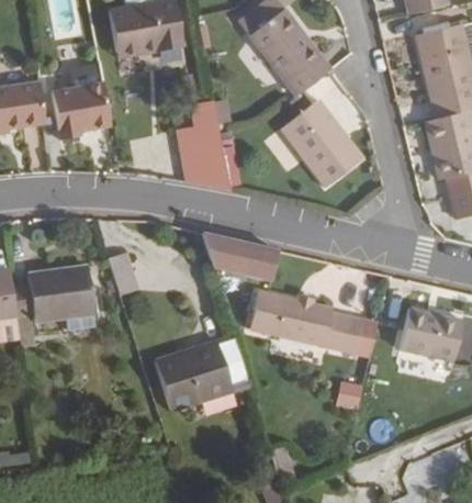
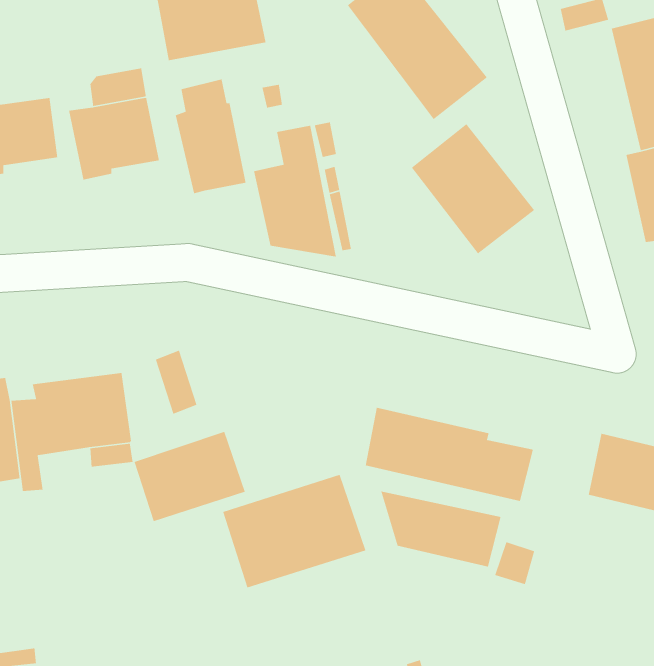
building: none -> [175,79,246,194]
building: [209,235,290,287] -> [380,490,502,567]
building: none -> [133,431,246,522]

